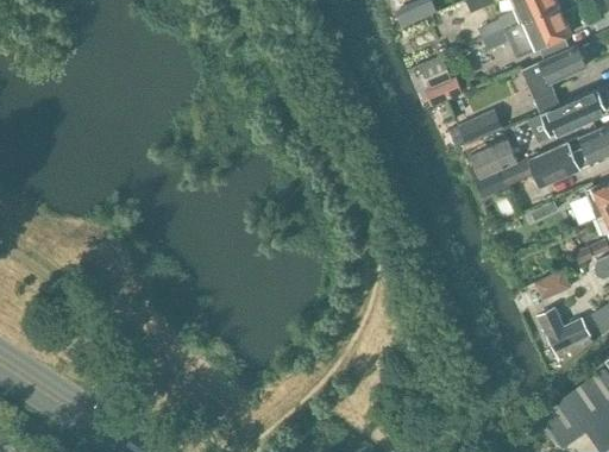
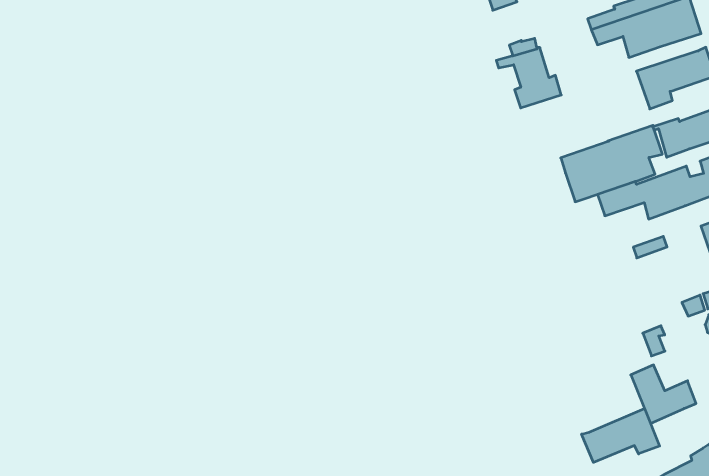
building: [447,108,504,149] -> none
building: none -> [582,408,660,462]

